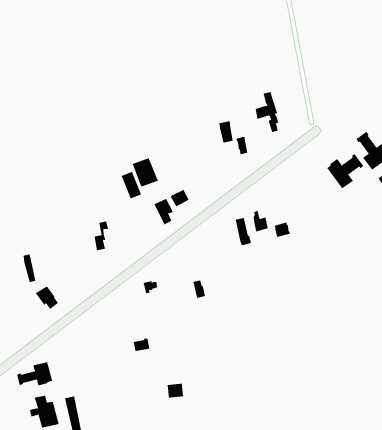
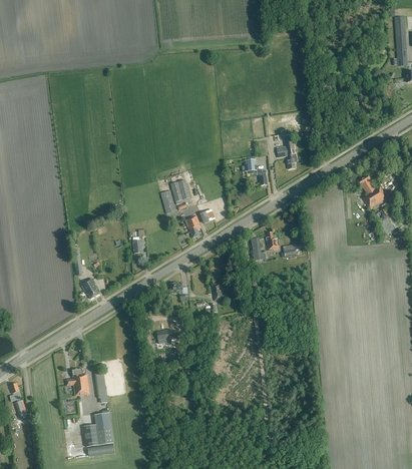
building: [326,153,364,189] -> none
building: [16,362,53,386] -> none

